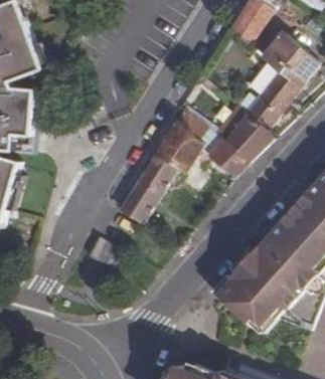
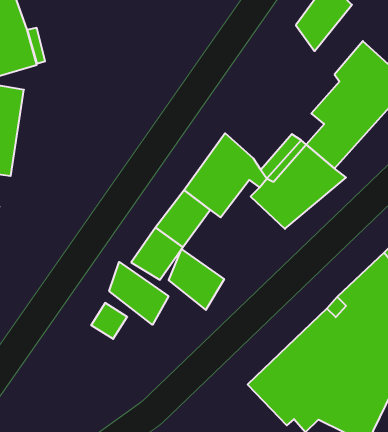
building: none -> [169,249,224,310]
building: none -> [109,262,168,325]

